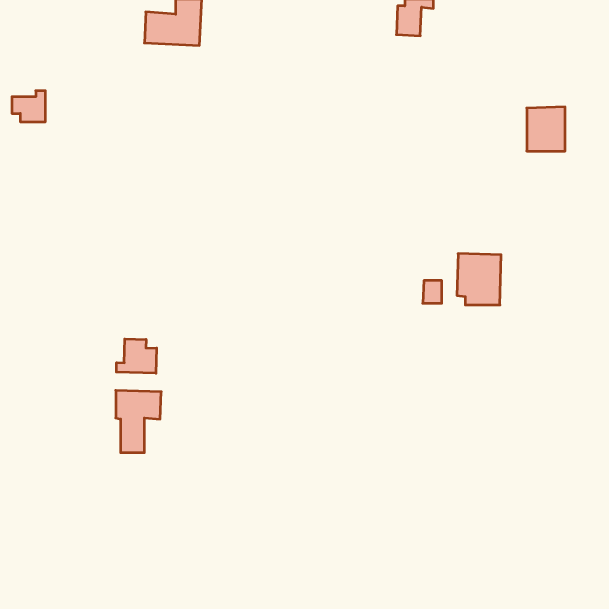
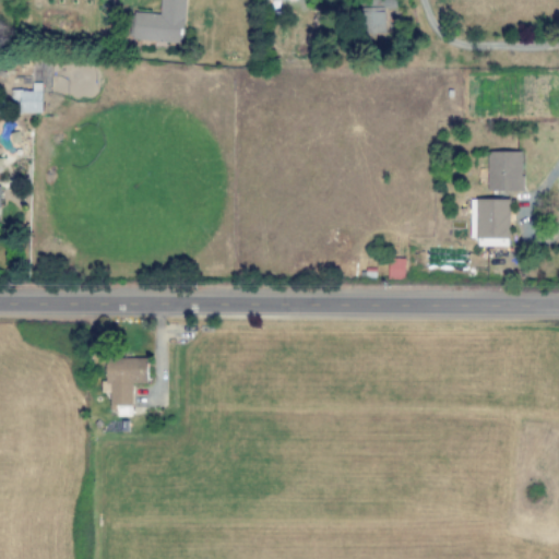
building: [527,107,565,151] -> [488,150,523,190]
building: [457,254,501,305] -> [471,198,511,245]
building: [116,339,157,373] -> none

